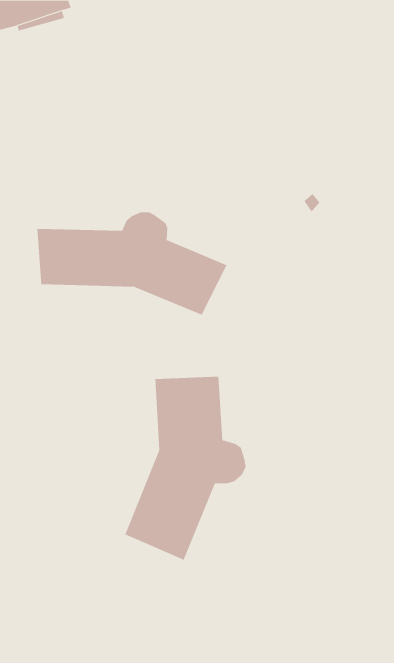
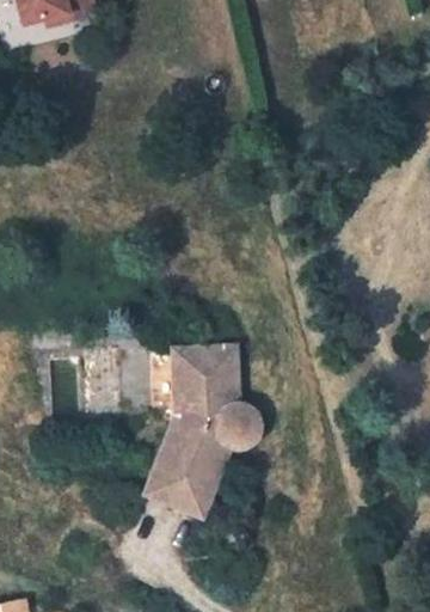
building: [37,211,227,316] -> none

